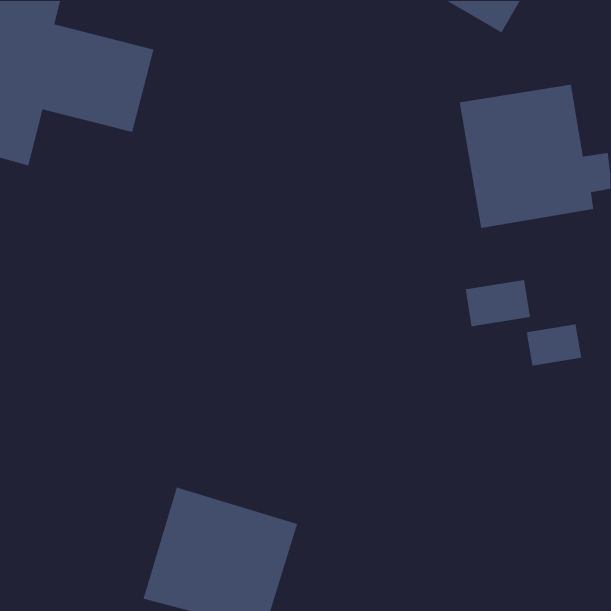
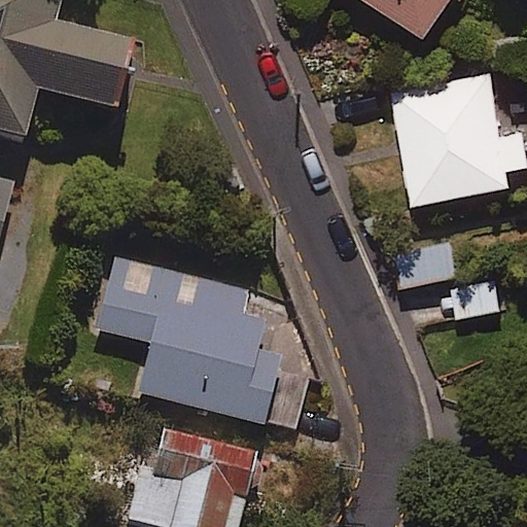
building: none -> [95,257,307,431]

